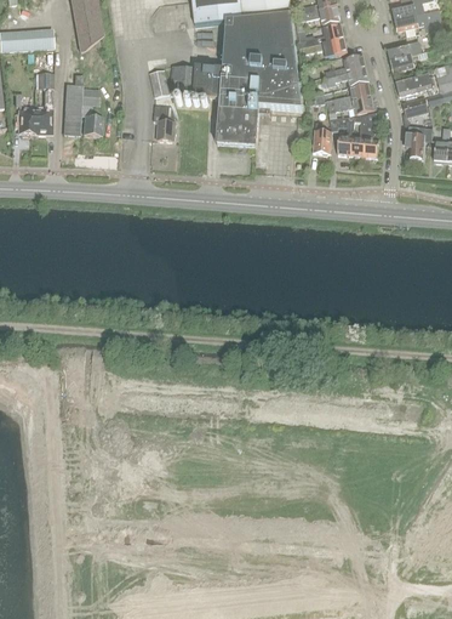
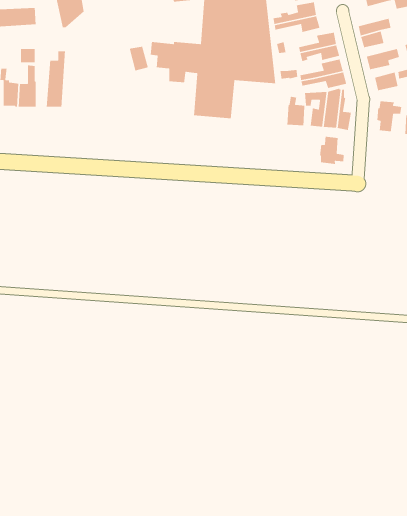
building: [81,87,103,136] -> none
building: [155,104,176,141] -> none
building: none -> [319,136,345,165]

